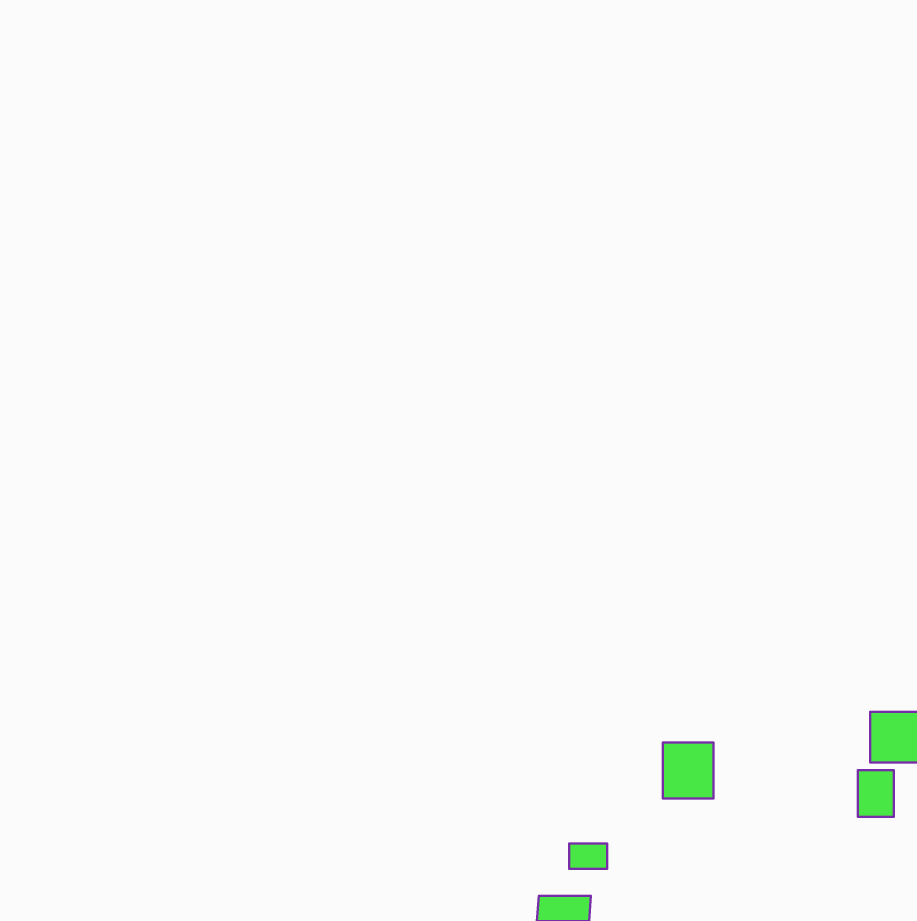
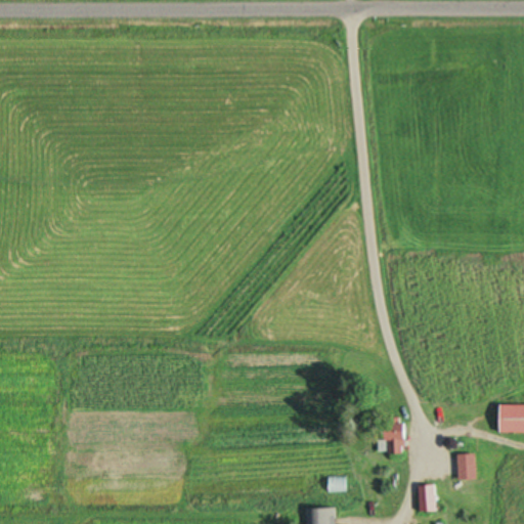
building: [858,770,894,817] -> [456,453,477,480]
building: none -> [418,485,437,513]

